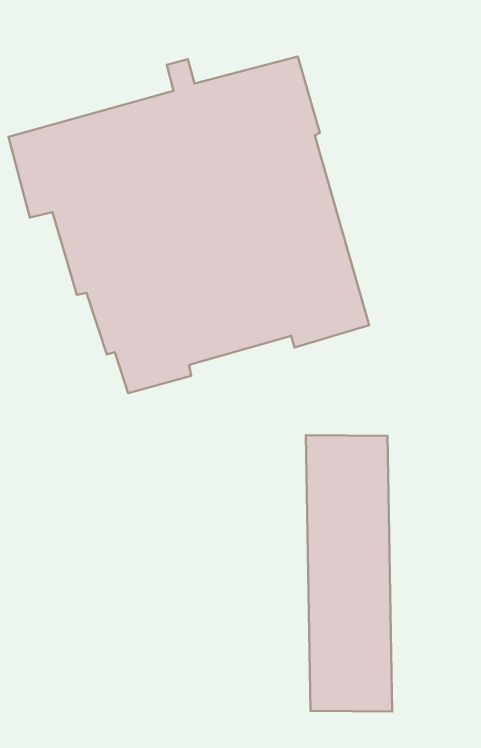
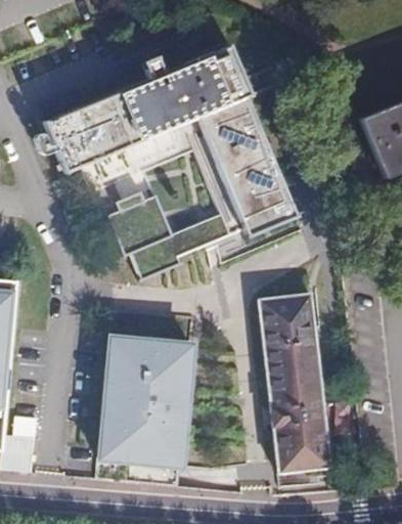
building: none -> [101,338,194,468]

